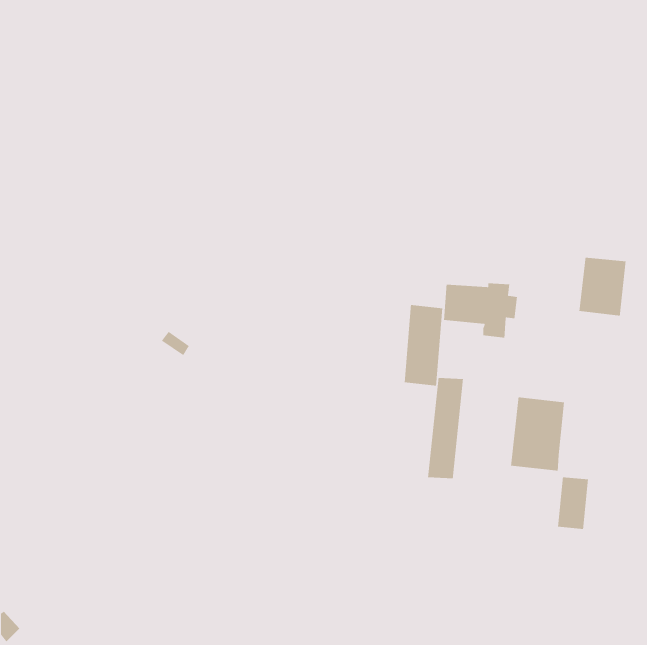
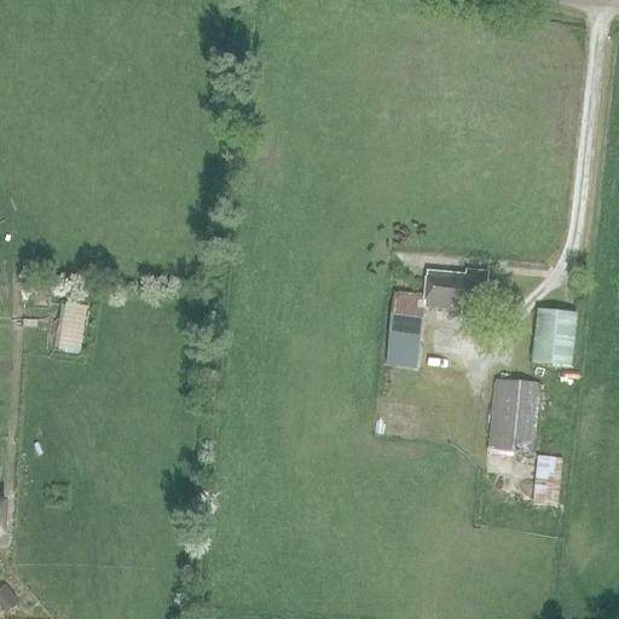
building: [579,257,627,317] -> [531,308,577,365]
building: [427,377,464,479] -> none

